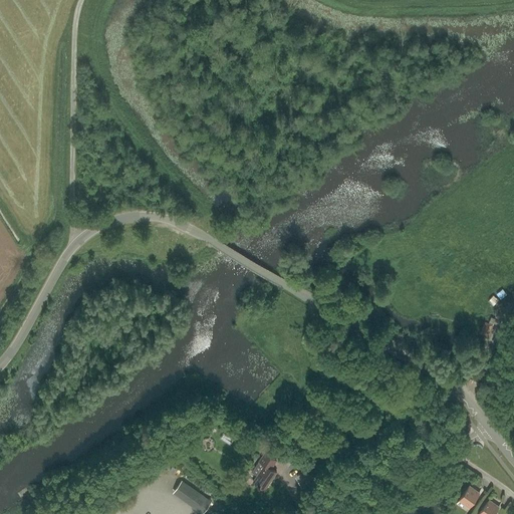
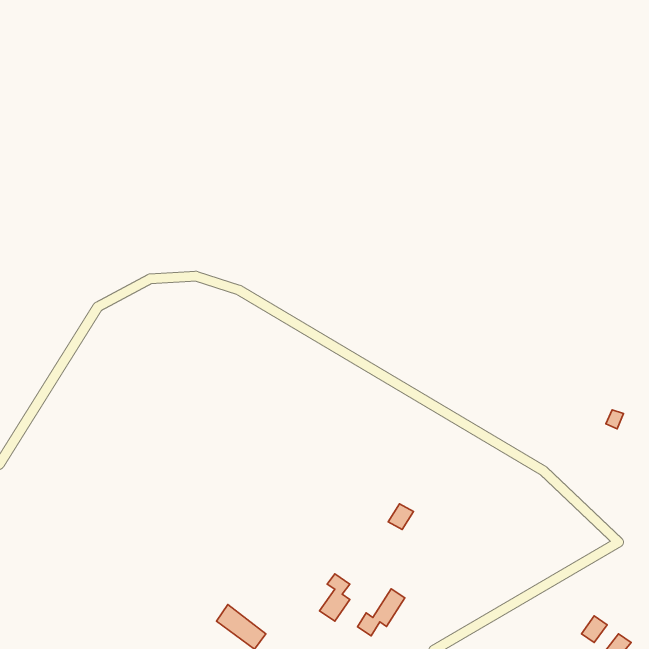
building: none -> [358,589,405,636]

